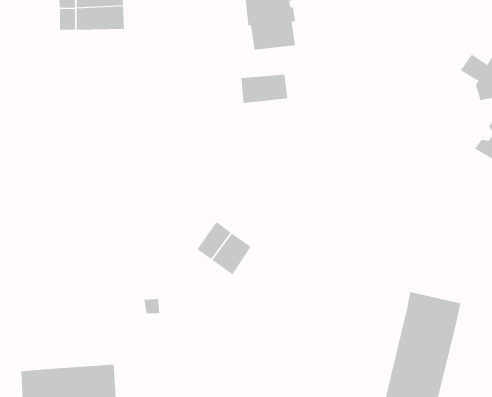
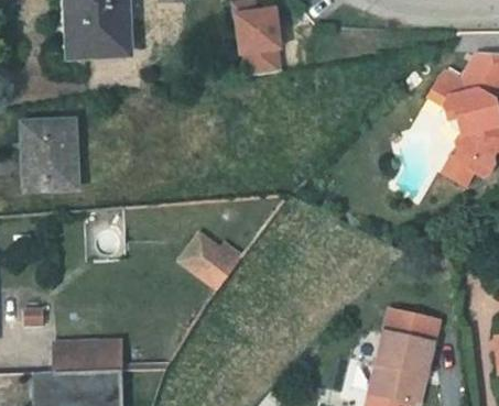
building: [241,74,288,104] -> none
building: none -> [21,118,74,185]
building: none -> [52,339,122,371]

